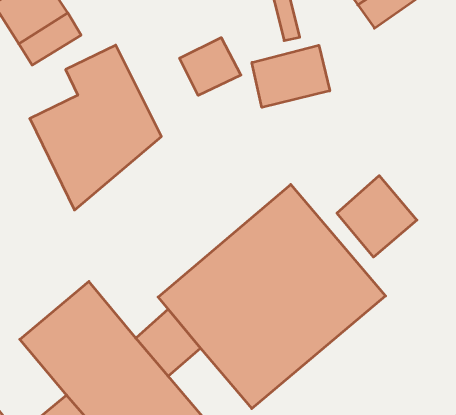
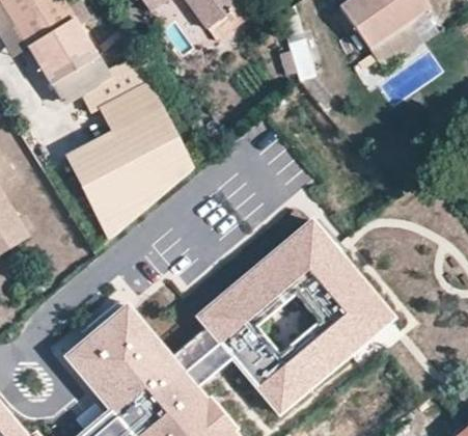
building: [180,38,241,95] -> none
building: [252,45,330,107] -> none
building: [337,176,417,257] -> none

